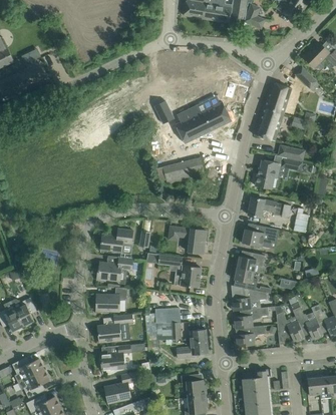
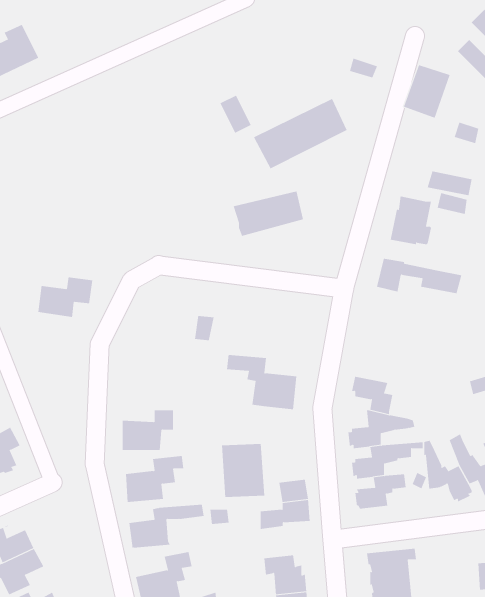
building: [254,106,283,140] -> none
building: [242,225,274,247] -> none
building: [169,226,207,253] -> none
building: [100,228,133,252] -> [37,277,93,317]
building: [235,252,265,271] -> none
building: [97,256,133,281] -> none

